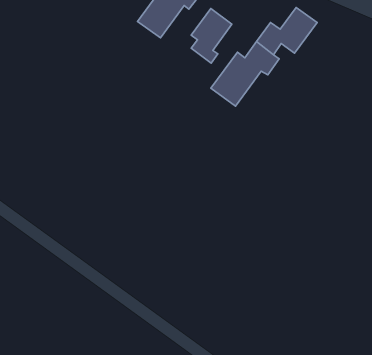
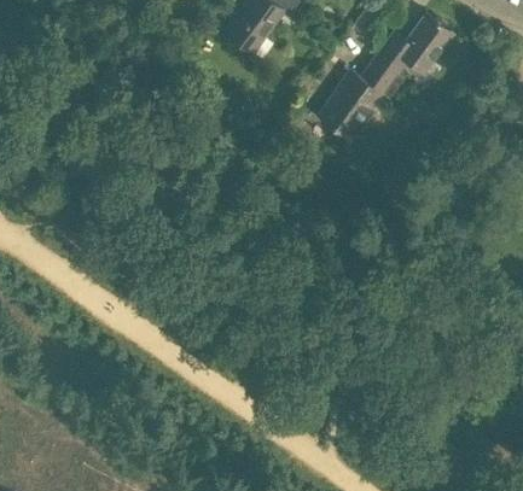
building: [191,9,232,63] -> none

